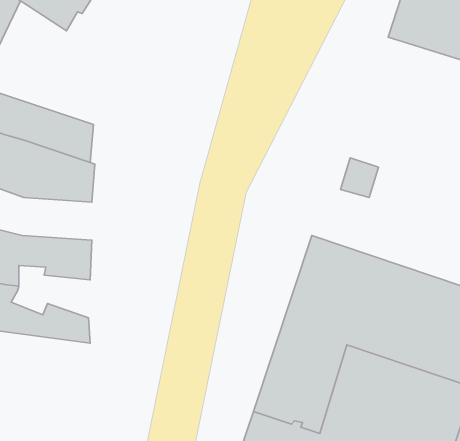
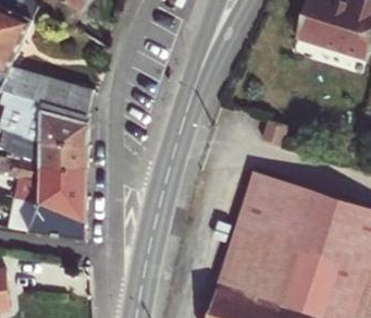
building: none -> [45,143,92,172]
building: none -> [37,189,91,225]

